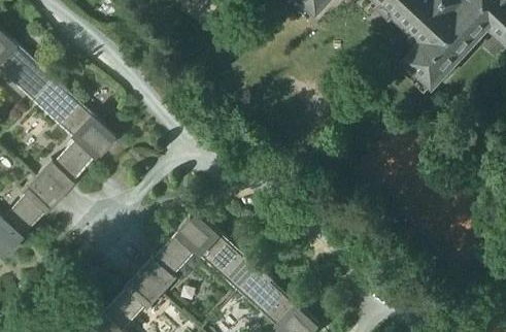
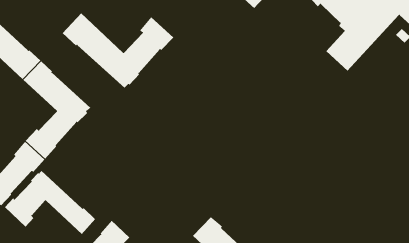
building: none -> [62,12,174,88]
building: none -> [4,170,96,235]
building: [139,212,260,294] -> none

